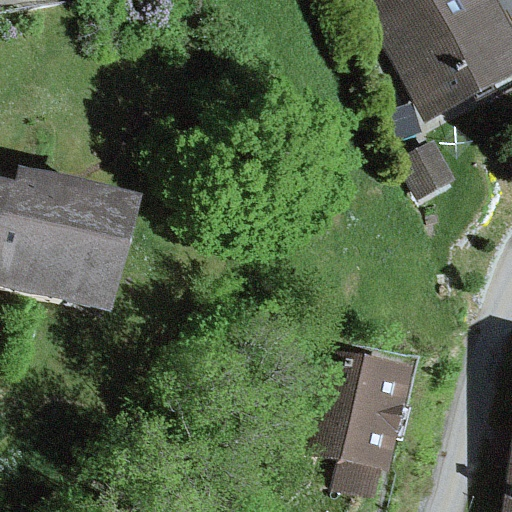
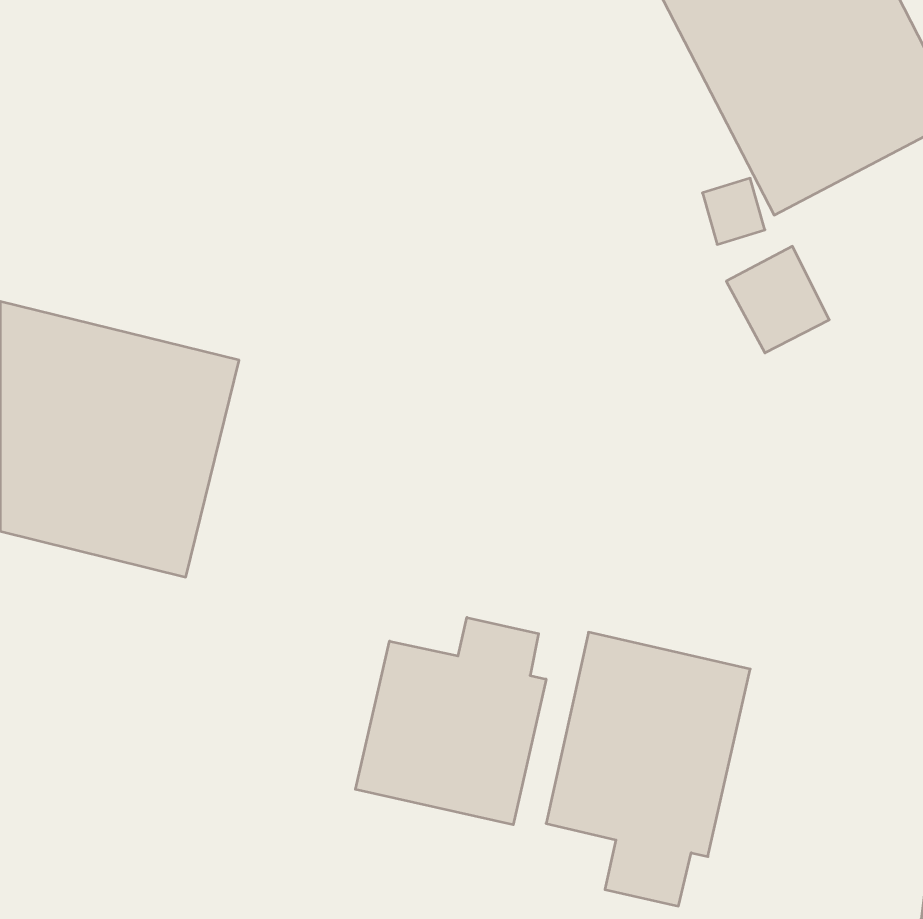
building: none -> [355,617,546,825]

